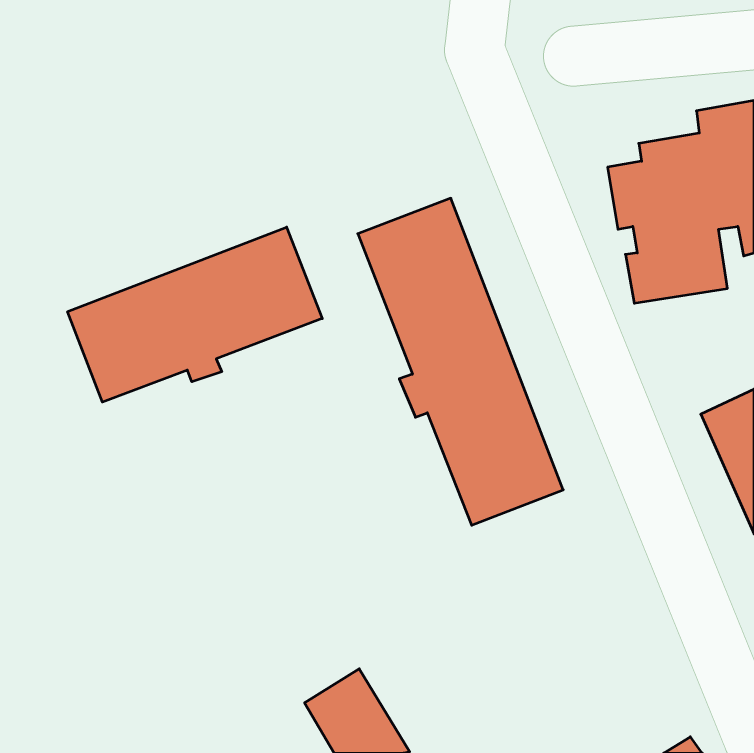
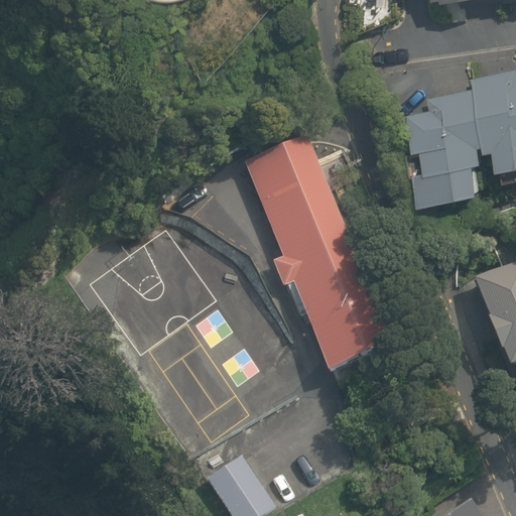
building: [68,227,322,402] -> none

